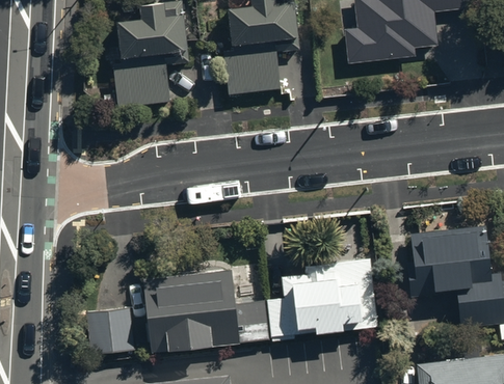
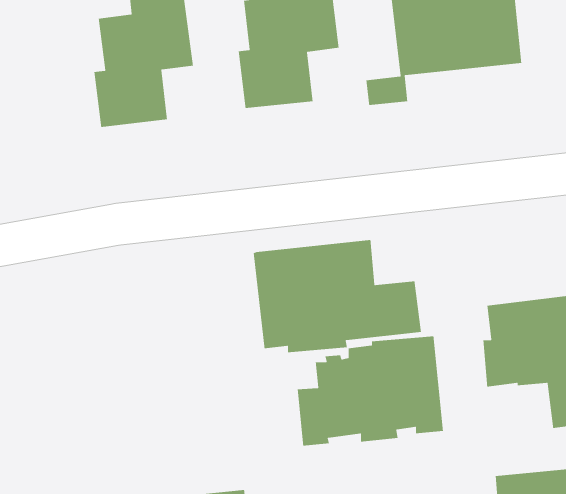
building: [141,267,269,353] -> [253,239,422,353]
building: [86,304,134,351] -> none

